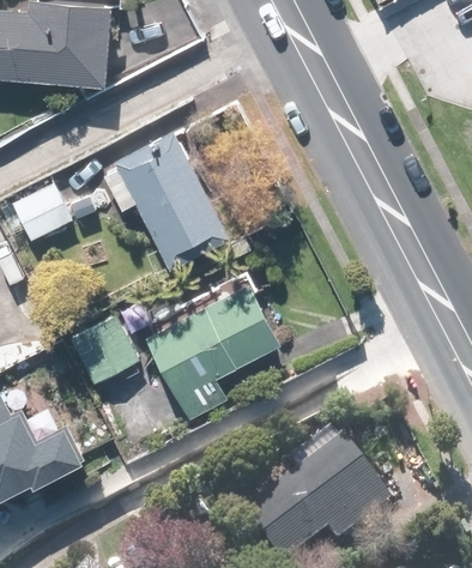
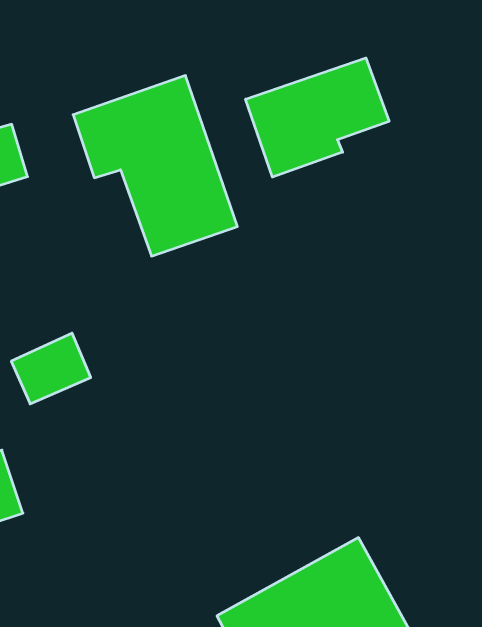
building: none -> [246,58,389,177]
building: [145,280,278,417] -> none

